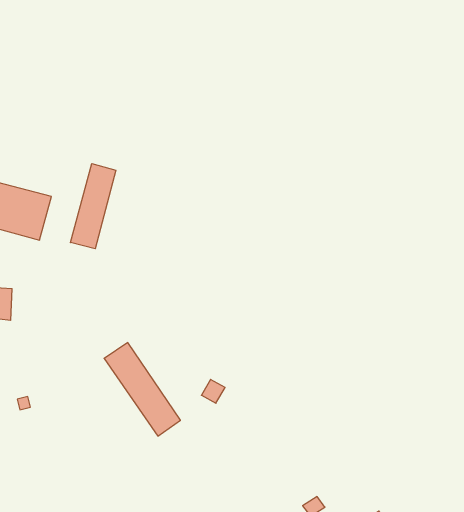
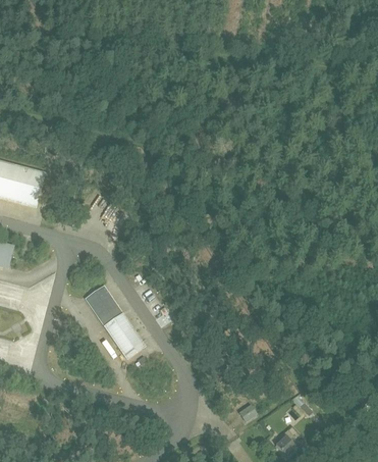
building: [70,164,116,249] -> none

